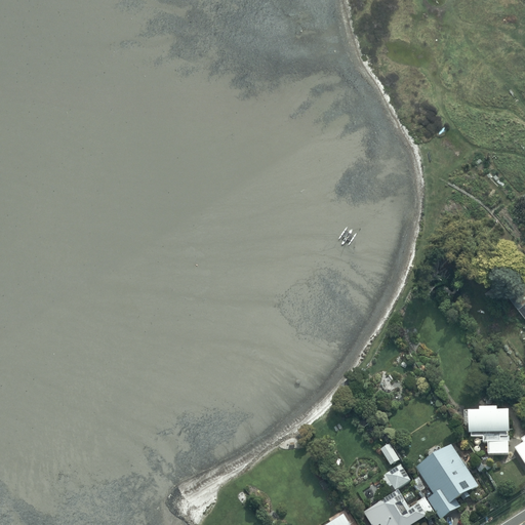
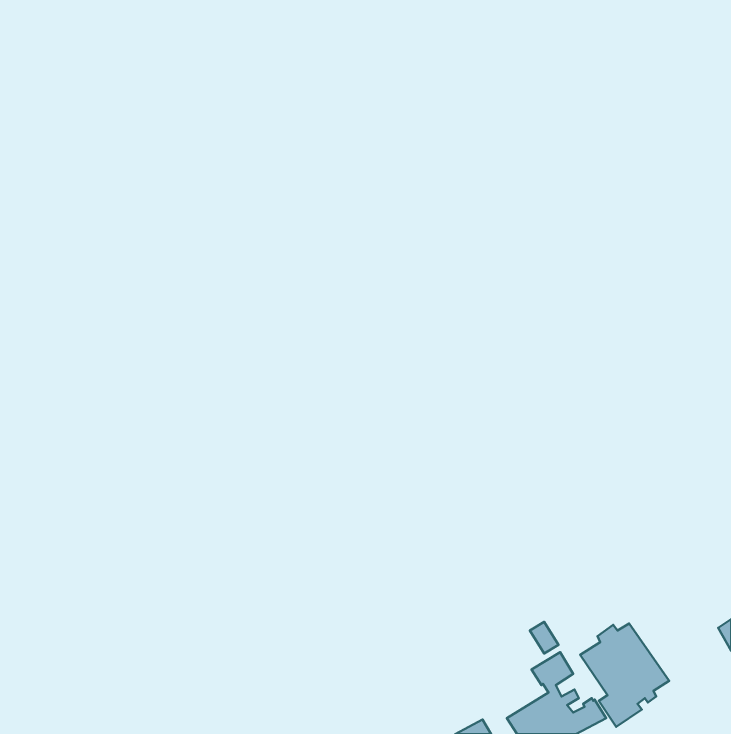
building: [468,402,509,448] -> none

